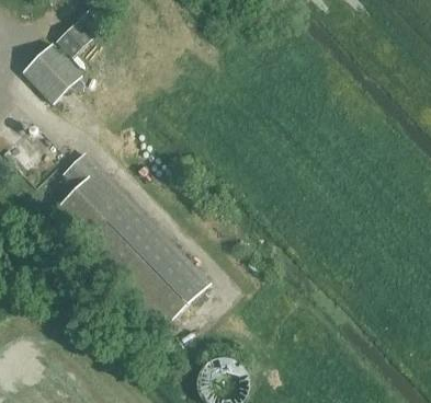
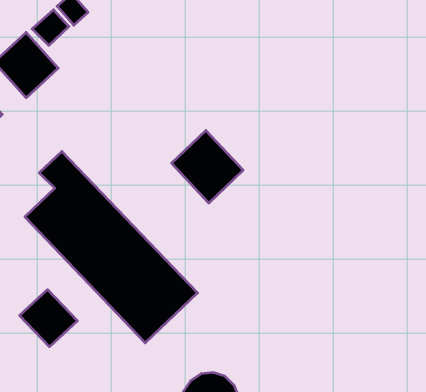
building: none -> [172,130,243,203]
building: none -> [20,290,77,347]

